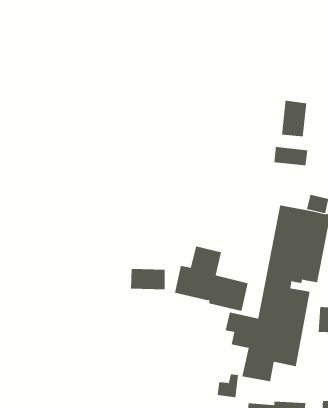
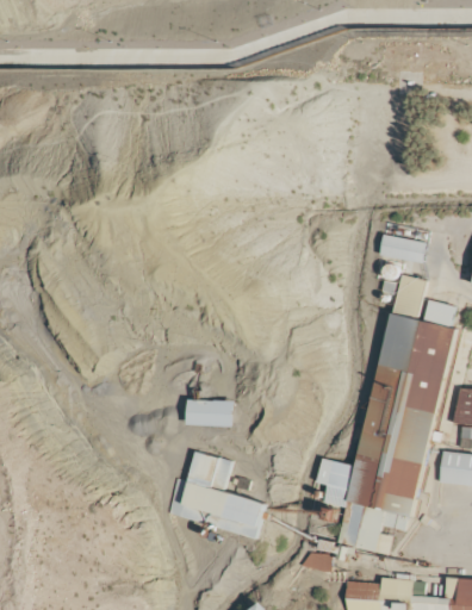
building: [281,100,307,137] -> none
building: none -> [392,274,426,317]
building: [174,246,249,311] -> [166,452,266,540]

